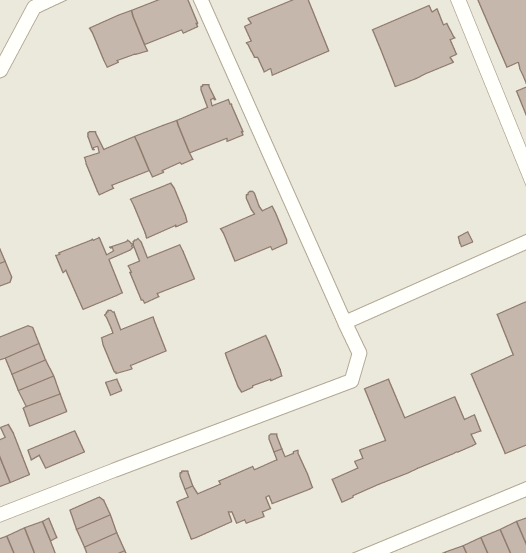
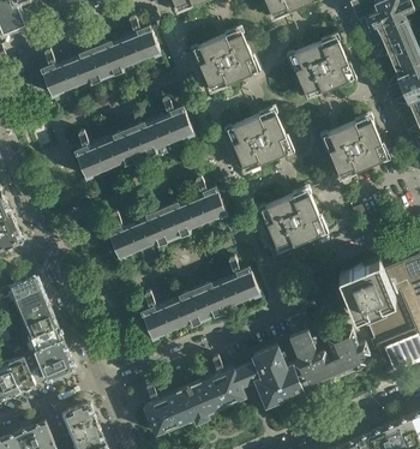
building: none -> [41,49,90,97]
building: none -> [228,110,290,170]
building: none -> [323,119,385,179]
building: [130,183,187,238] -> [146,204,188,245]
building: none -> [262,190,324,250]
building: [56,237,133,309] -> none
building: none -> [210,257,259,309]
building: none -> [338,258,394,315]
building: [101,310,166,374] -> [142,292,190,339]
building: none -> [23,340,68,387]
building: none -> [234,346,286,390]

